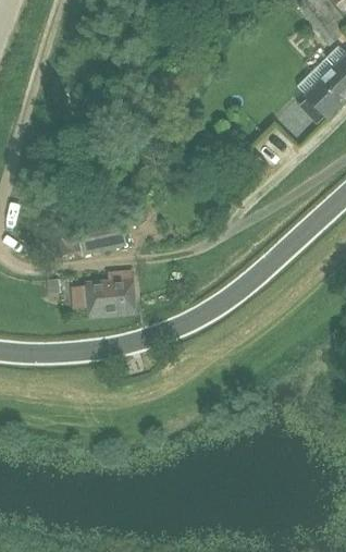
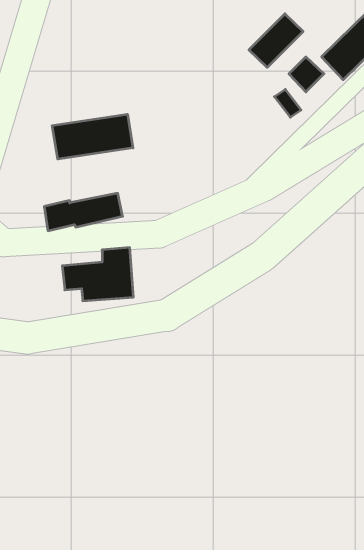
building: none -> [249,14,303,67]
building: none -> [52,114,133,159]

